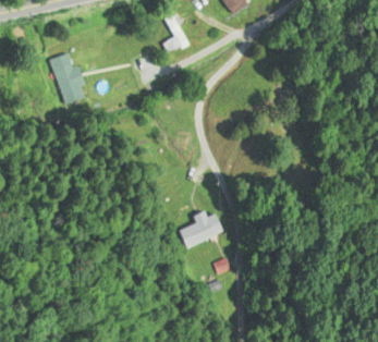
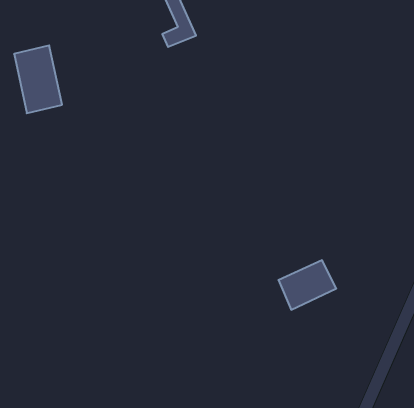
building: [176,209,221,247] -> [278,260,336,310]

